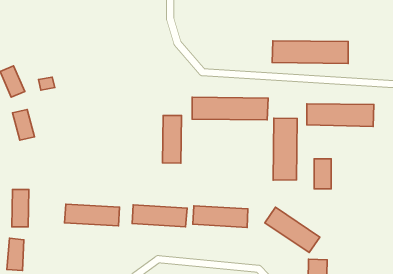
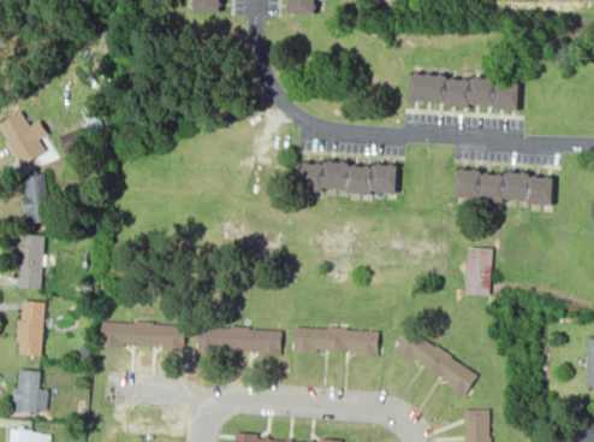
building: [163,115,181,163] -> none
building: [273,118,297,180] -> none
building: none -> [19,235,46,291]

